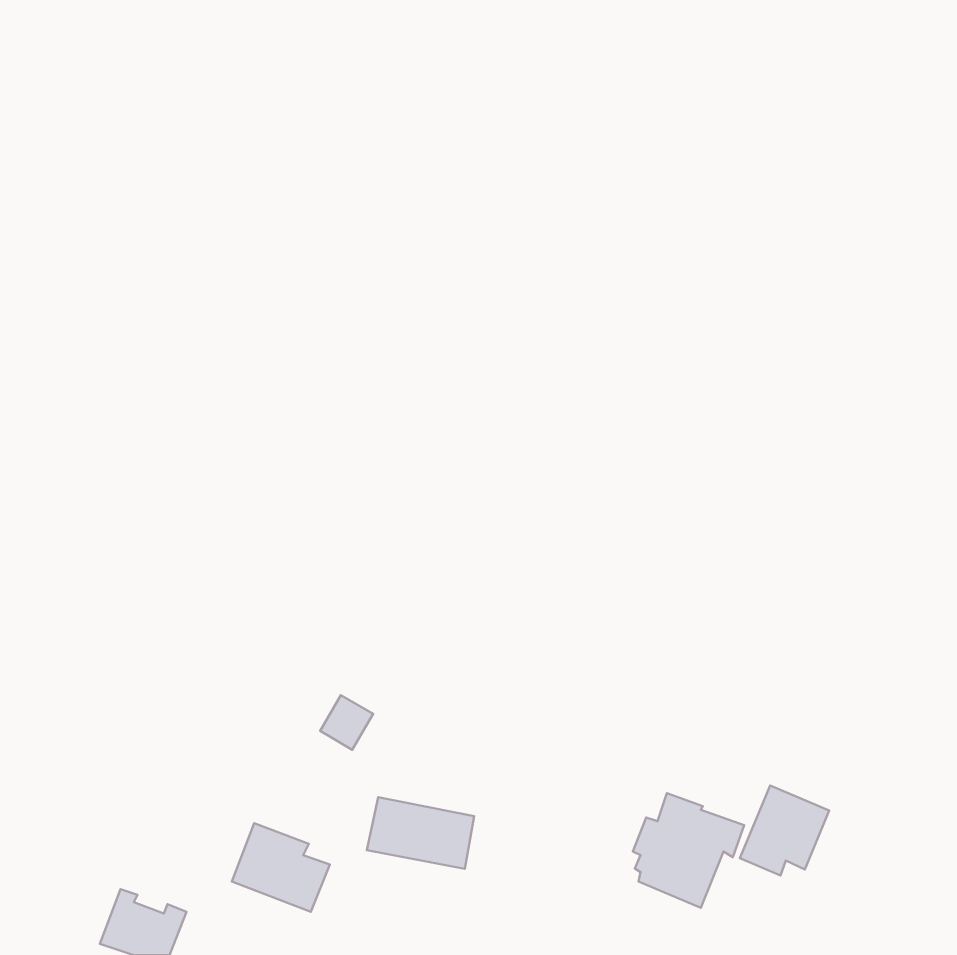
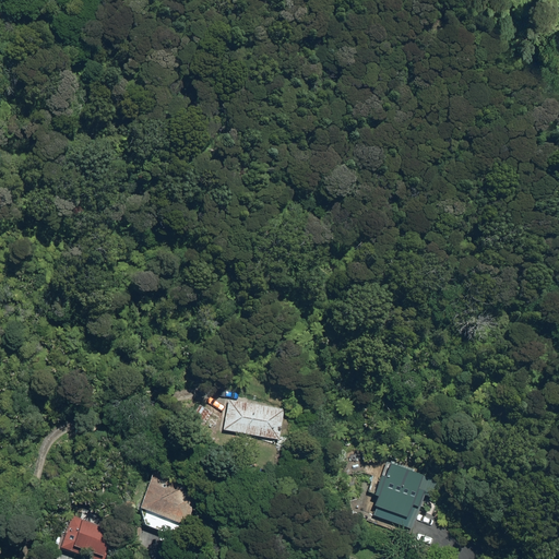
building: [740,786,829,876] -> none
building: [367,797,474,869] -> [224,397,286,439]

